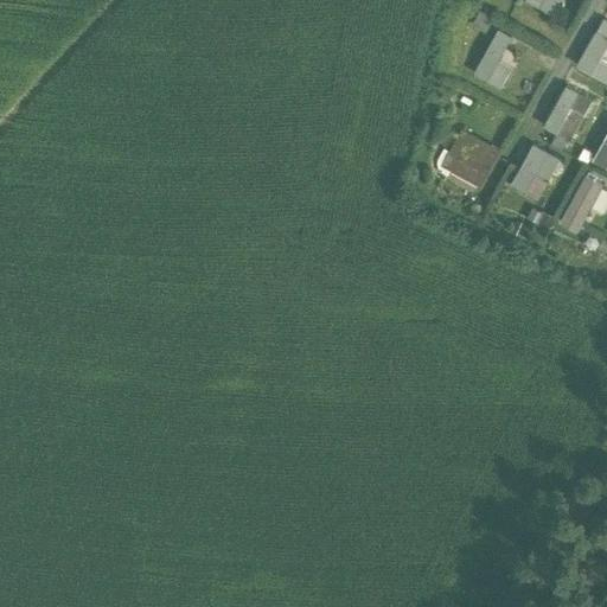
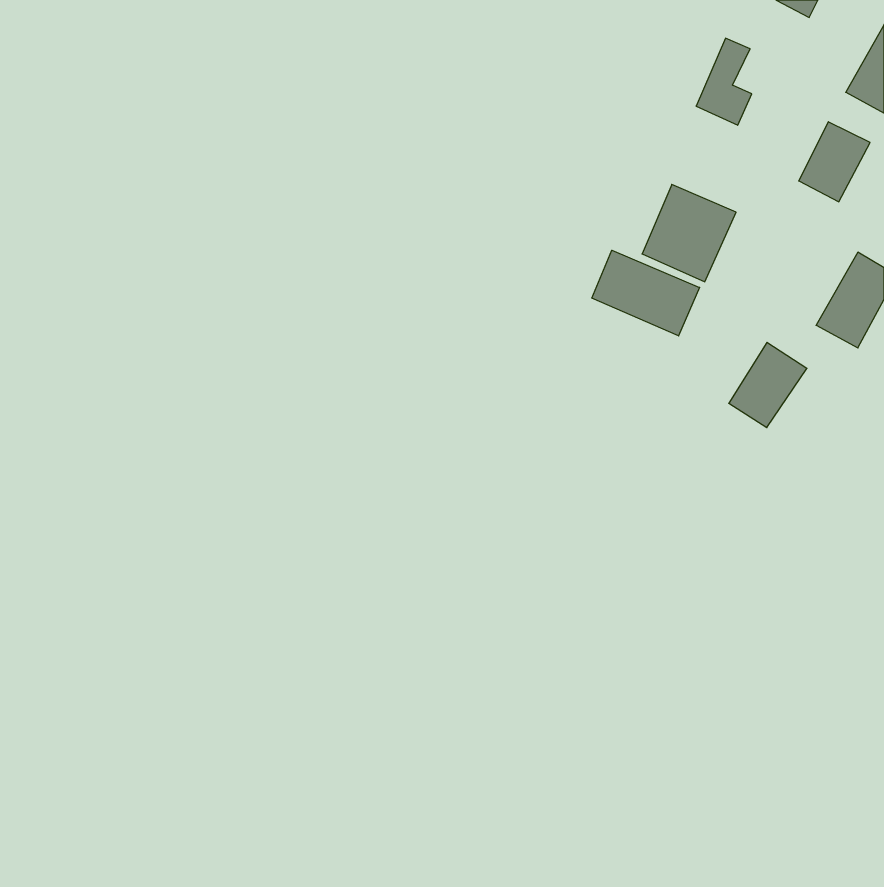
building: [509,141,562,199] -> [729,342,807,428]
building: none -> [592,250,700,336]

